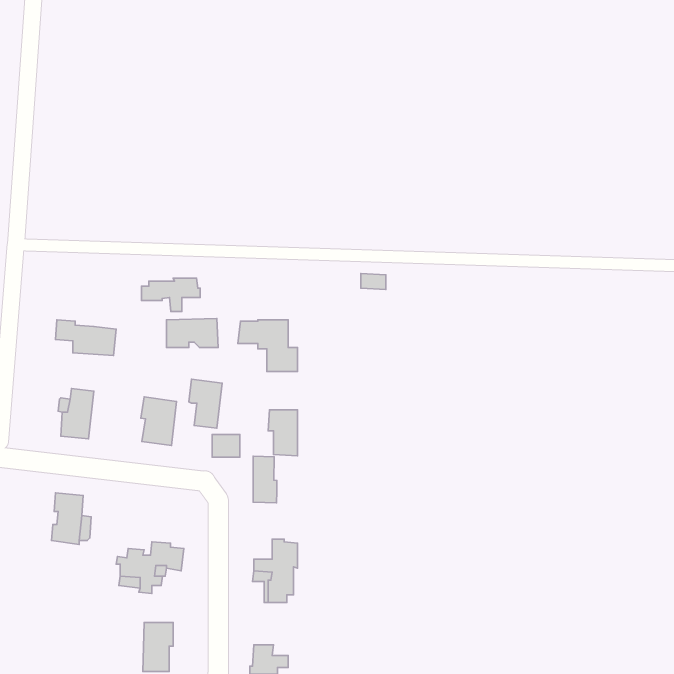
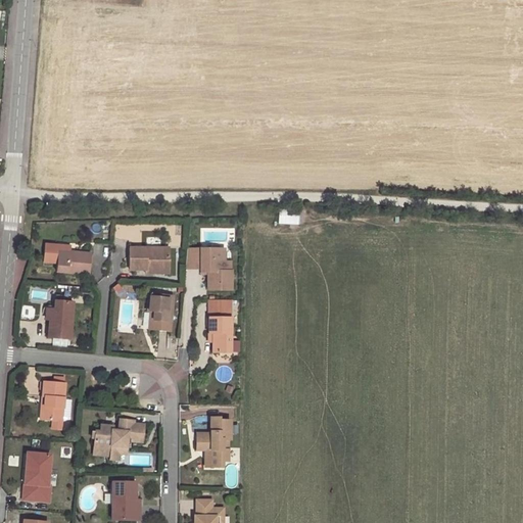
building: [142,278,200,312] -> none
building: [141,397,177,446] -> none
building: [212,435,240,457] -> [209,299,231,317]
building: [253,456,277,503] -> none
building: none -> [25,451,51,501]

